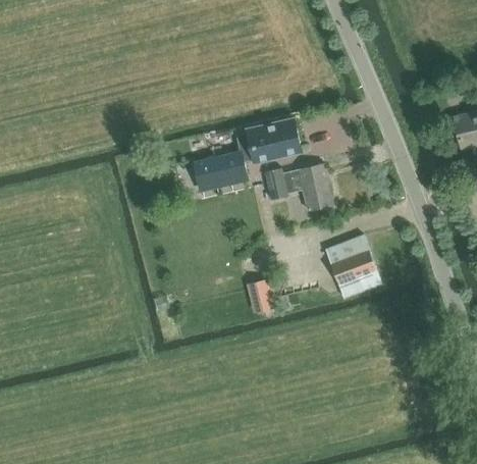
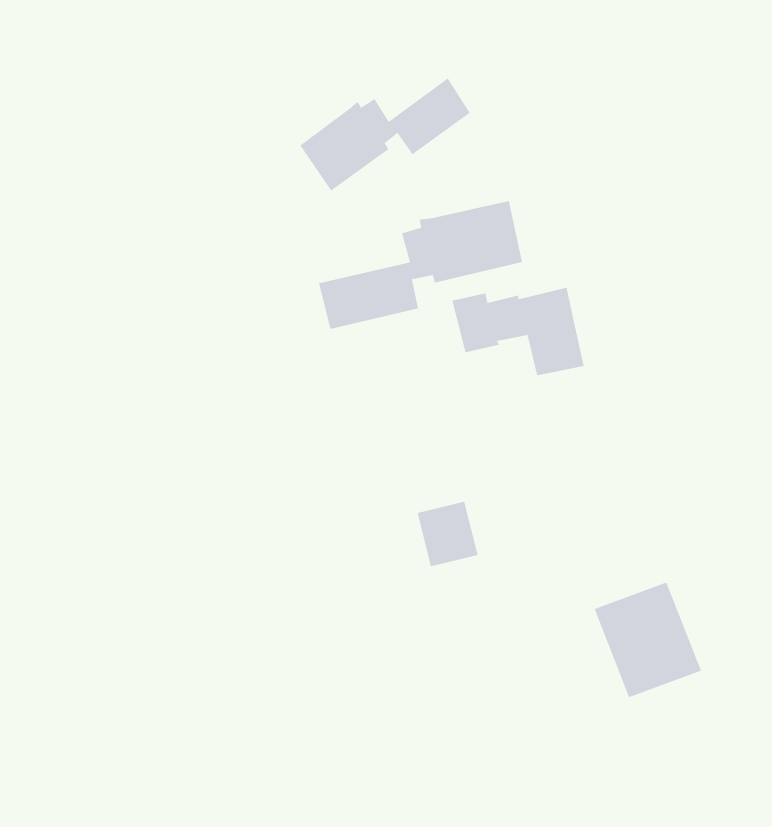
building: none -> [300,78,471,191]
building: [325,235,382,296] -> [594,582,702,698]

